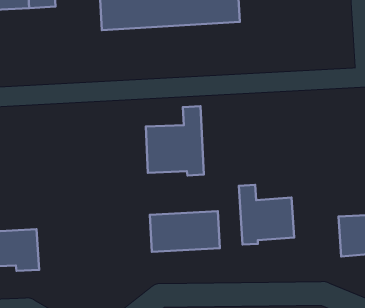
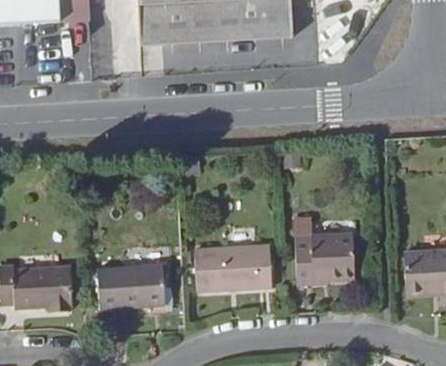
building: [146,106,204,175] -> none
building: none -> [98,265,165,309]

